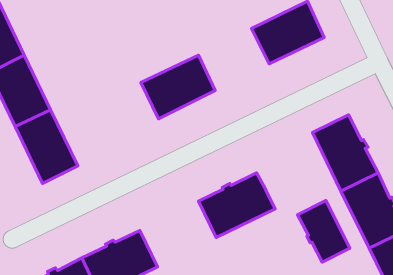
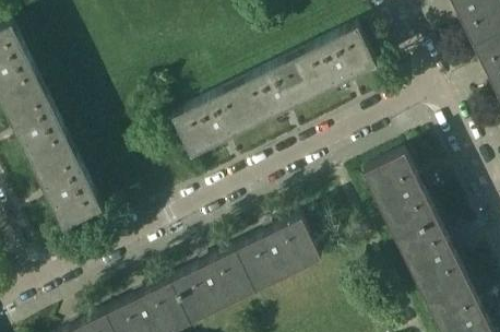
building: none -> [236,56,314,124]
building: [297,201,350,262] -> none
building: none -> [170,248,255,321]

